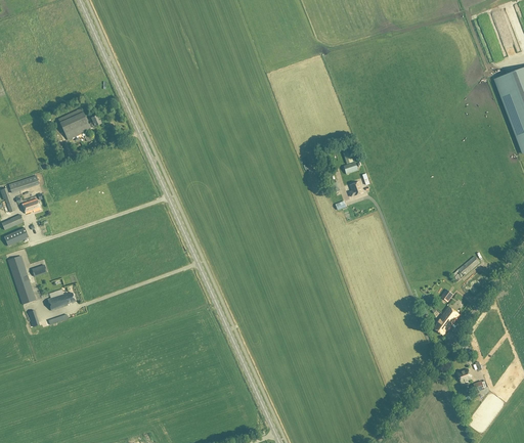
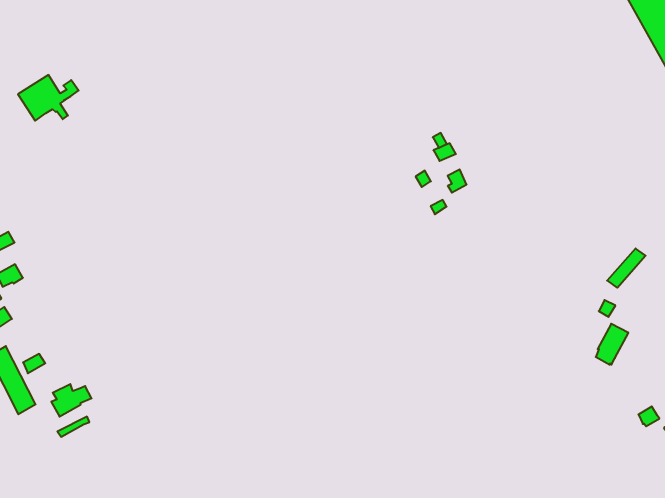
building: [58,108,101,141] -> [18,75,79,121]

